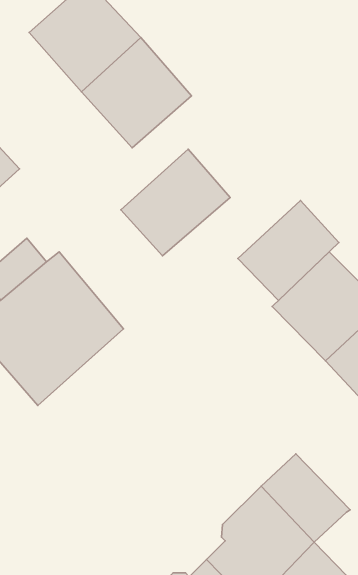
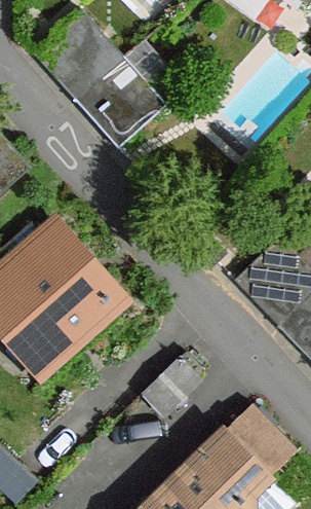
building: [121,149,230,256] -> none
building: [238,200,339,301] -> none

